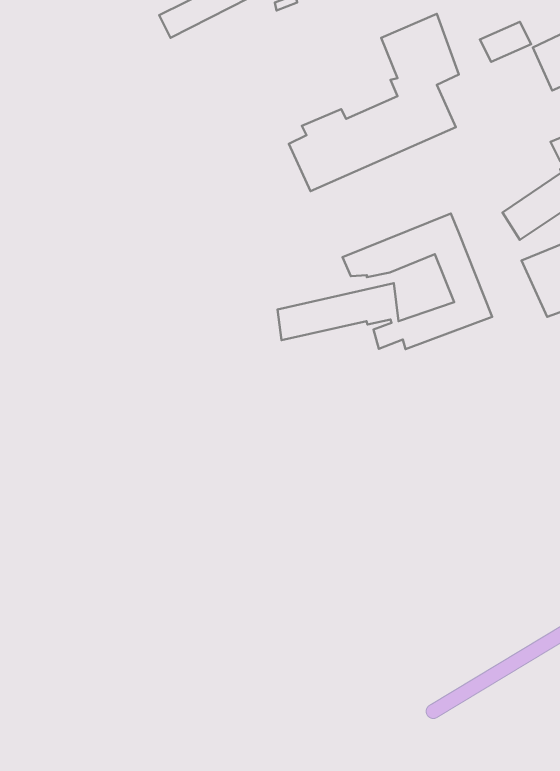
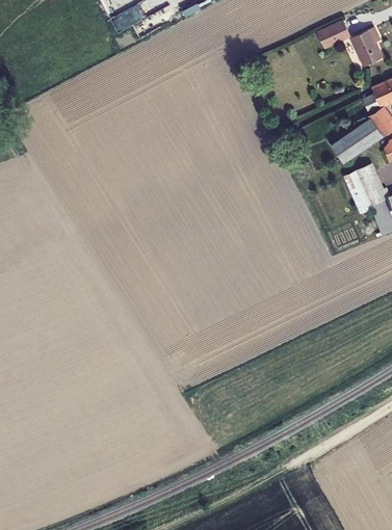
building: [289,14,459,191] -> none
building: [277,214,492,349] -> none

